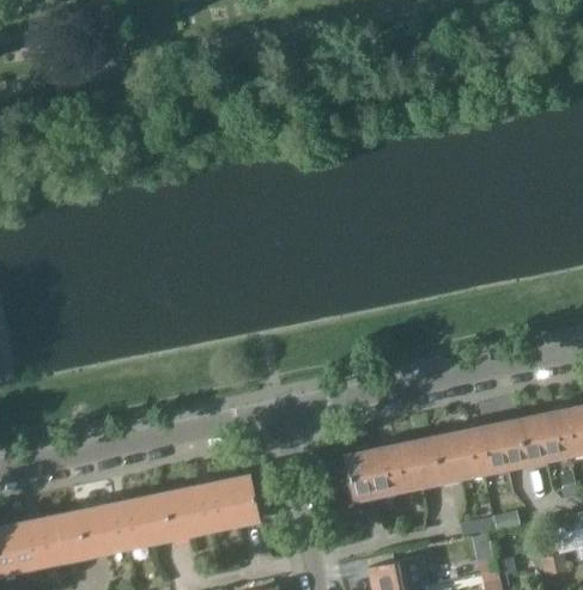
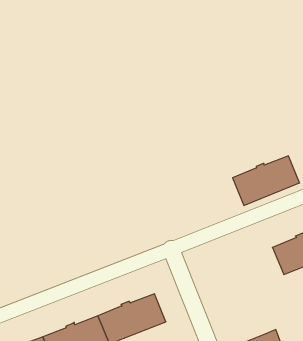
building: [345,439,441,500] -> [233,156,300,206]

